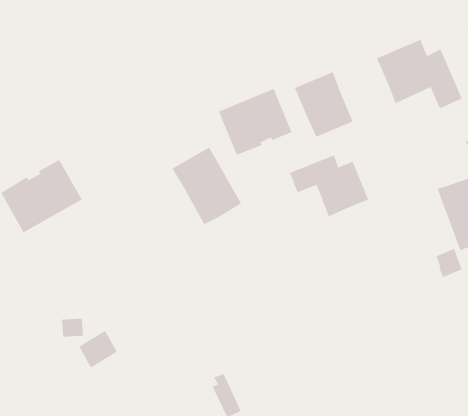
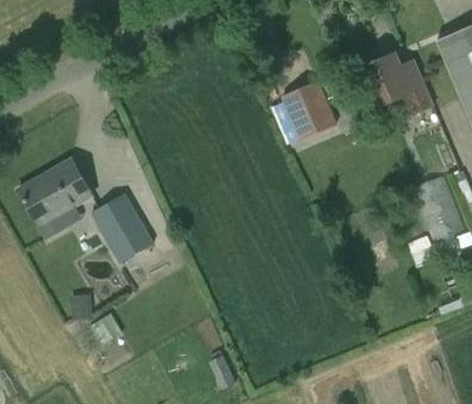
building: [218,88,292,155] -> none
building: [172,147,242,225] -> [92,193,155,263]
building: [289,154,369,217] -> none

